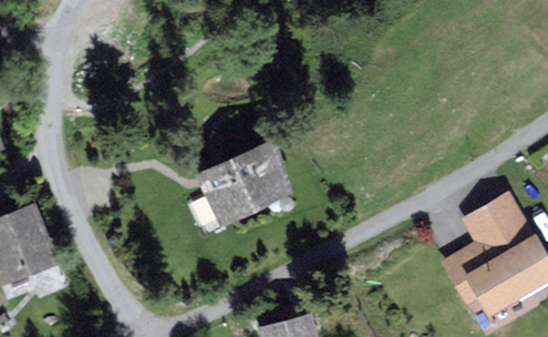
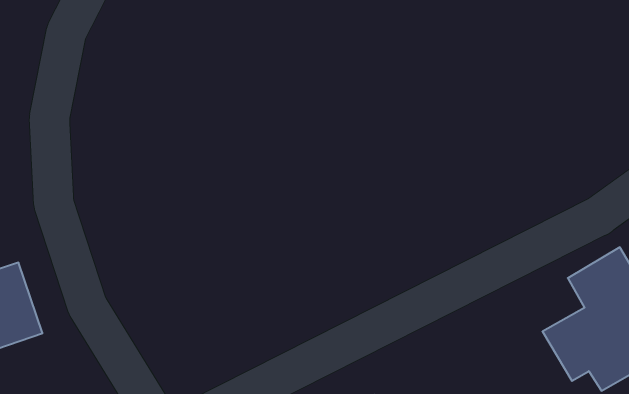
building: [200,143,291,222] -> none

